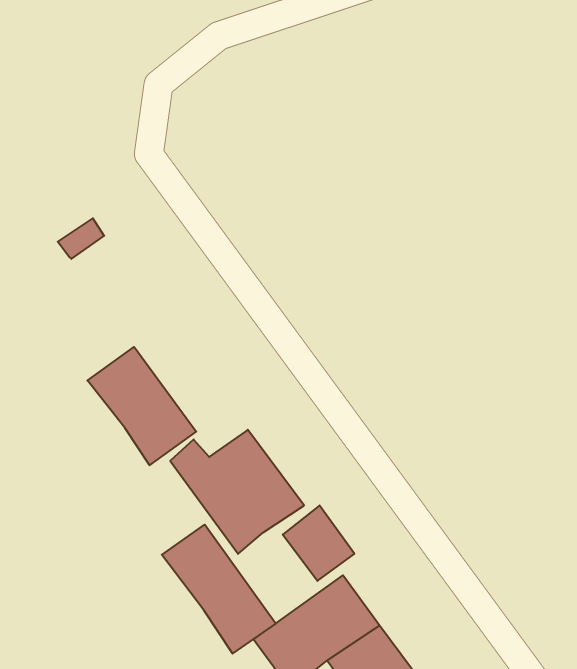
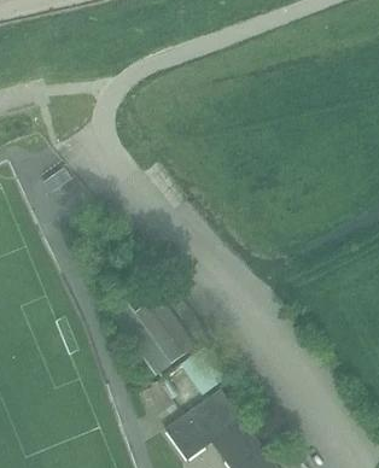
building: [87,347,196,465] -> none
building: [162,525,276,654] -> none

